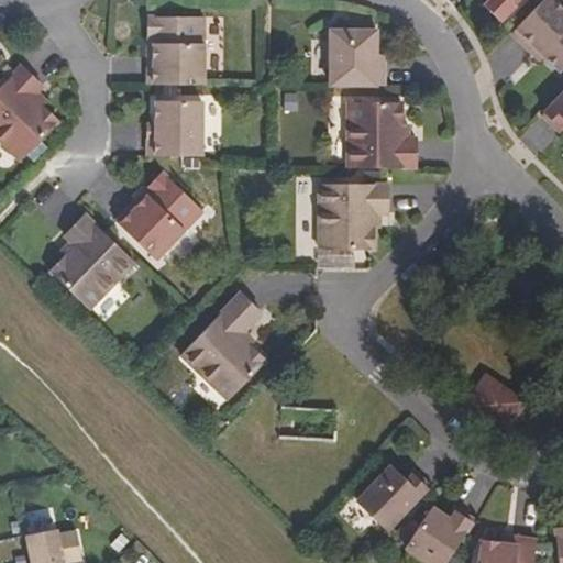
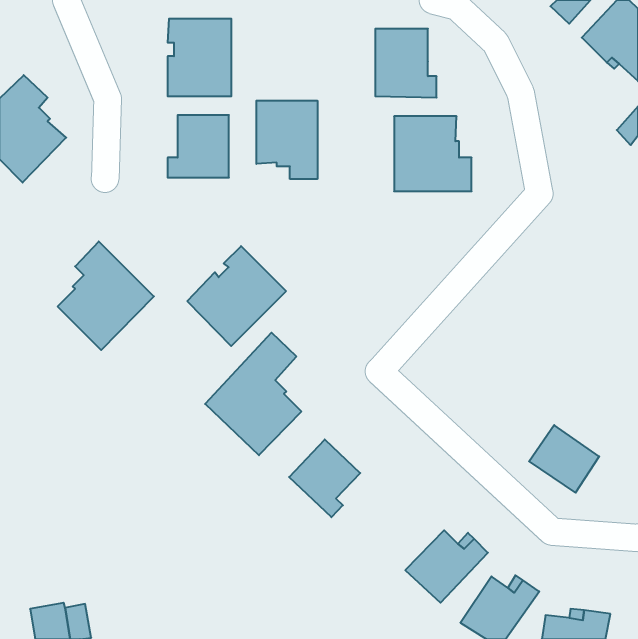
building: none -> [256,101,317,179]
building: [118,172,205,260] -> [187,246,286,346]
building: [318,184,387,250] -> none
building: none -> [289,439,360,517]

